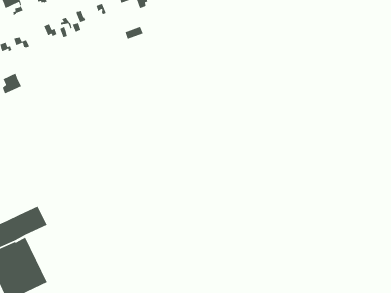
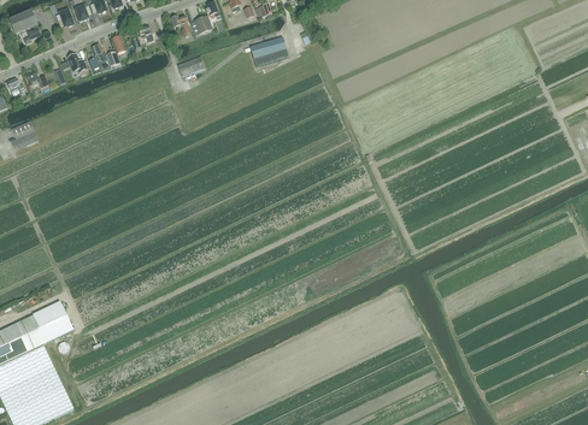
building: none -> [249,36,288,66]

